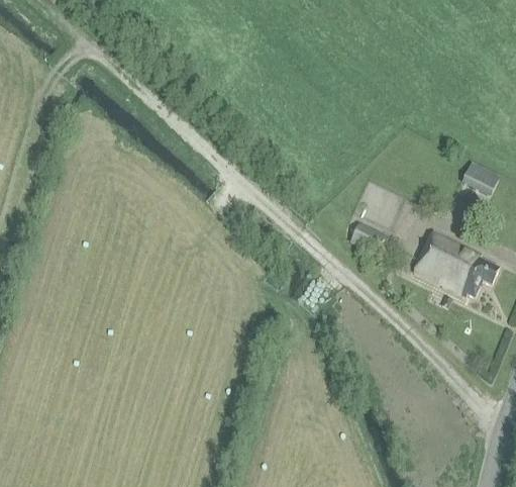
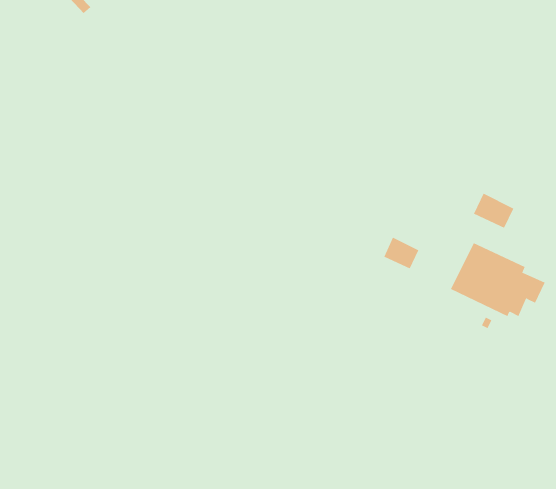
building: [461,163,499,195] -> [473,193,514,228]

